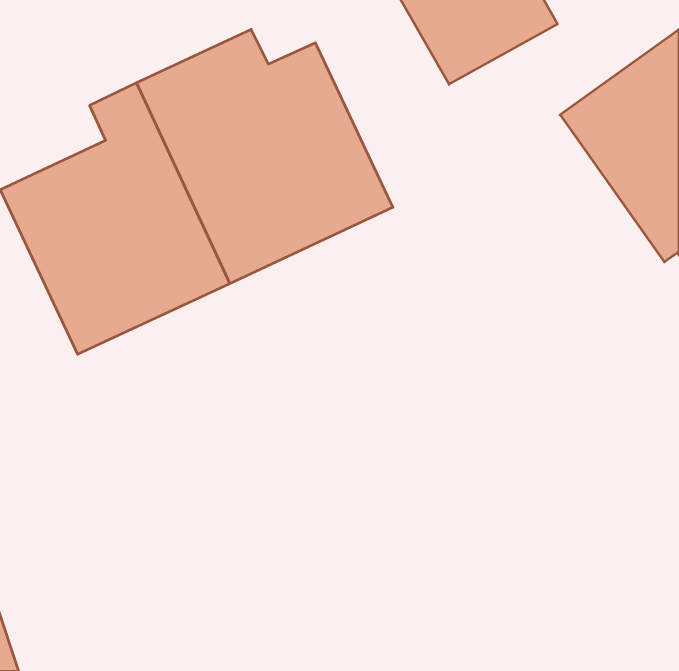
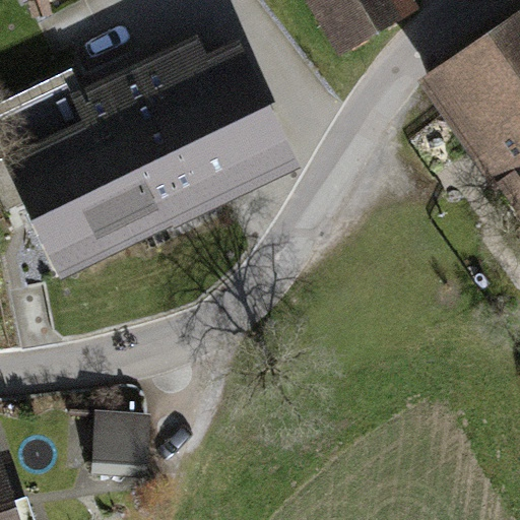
building: none -> [91,406,149,468]

